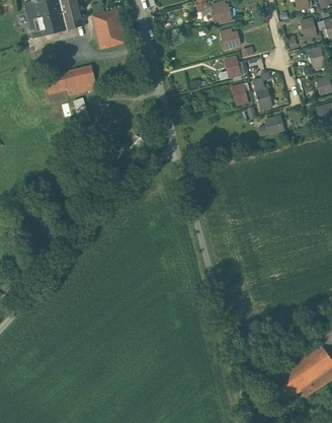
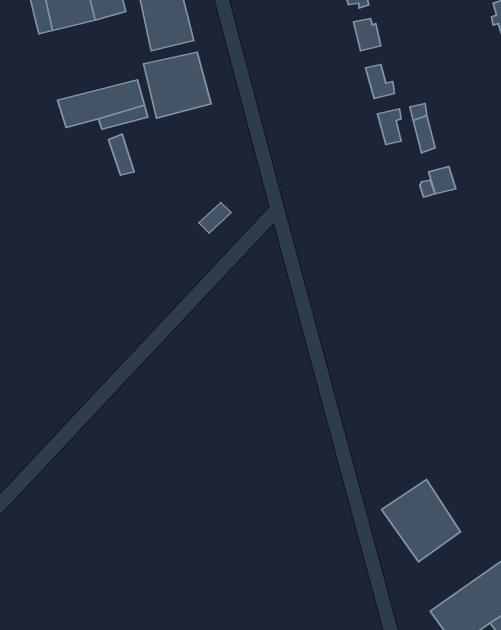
building: none -> [143,52,211,118]
building: none -> [382,480,460,562]

